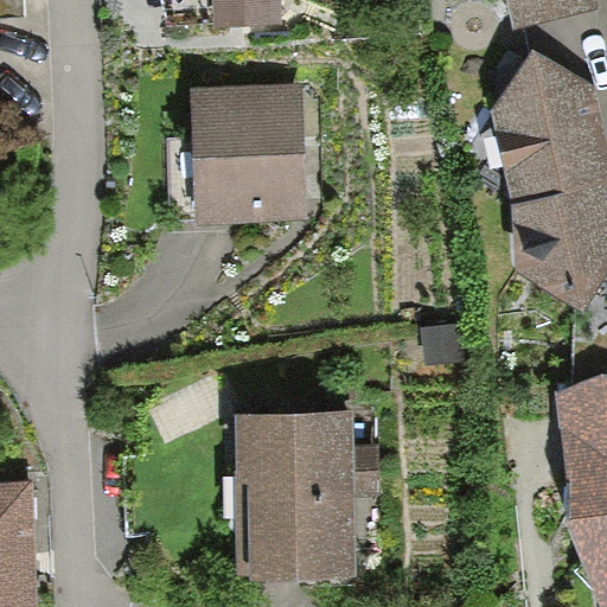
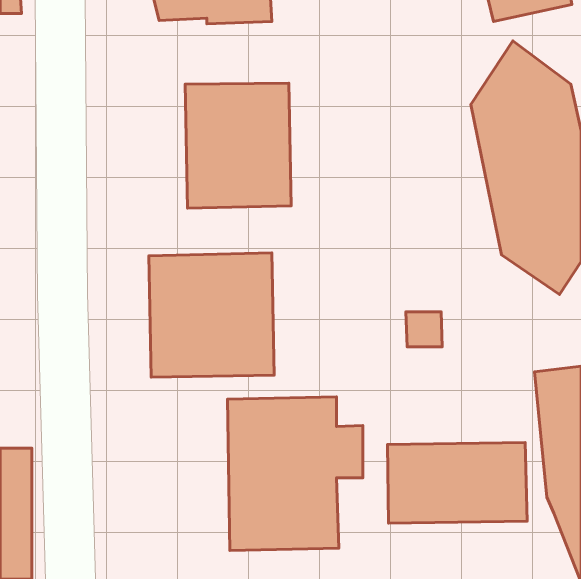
building: none -> [149,253,274,377]
building: none -> [388,443,527,523]

